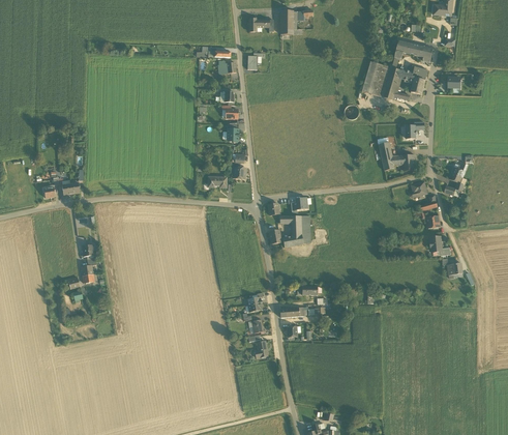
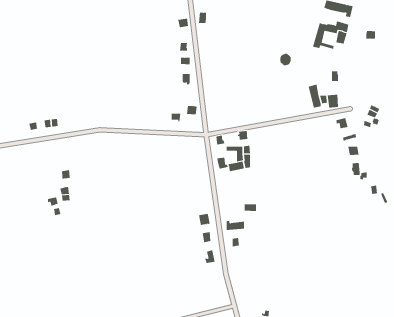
building: [361,61,388,95] -> none

